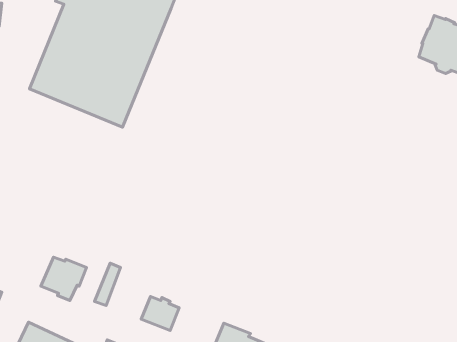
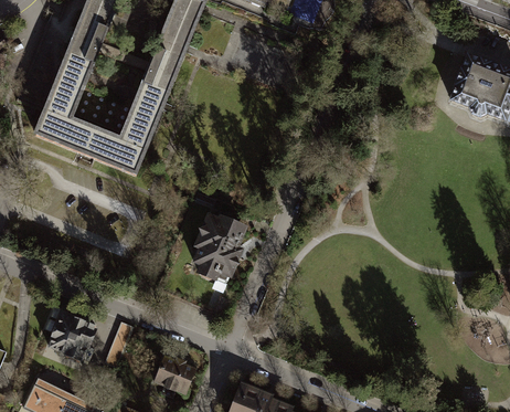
building: none -> [196,214,243,281]

